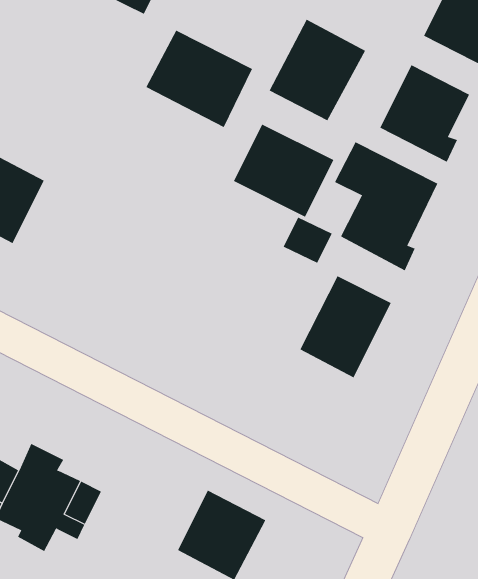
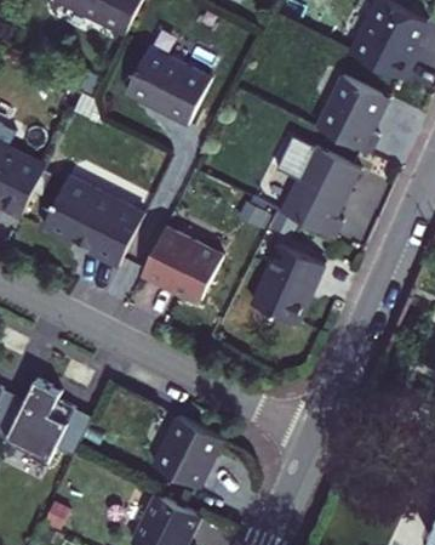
building: [269,19,366,121] -> none
building: [233,124,334,217] -> [151,233,233,308]
building: none -> [42,177,145,267]

